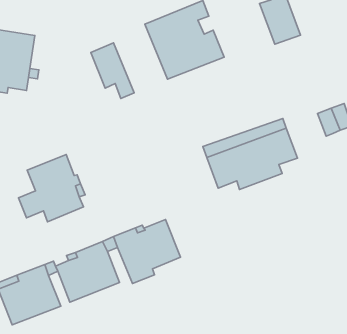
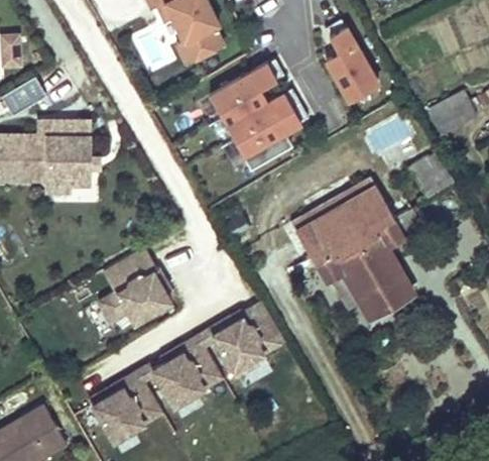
building: [91,43,134,98] -> none
building: none -> [314,218,413,317]

